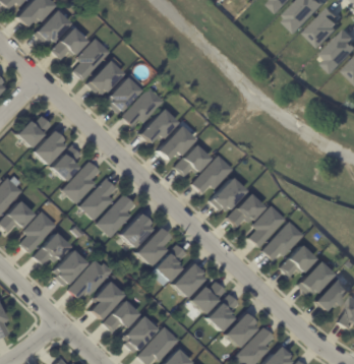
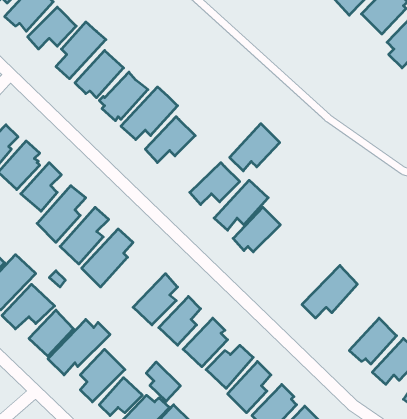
building: [156,123,193,159] -> [230,124,280,171]
building: [226,191,262,225] -> none
building: [247,203,285,246] -> none
building: [119,209,152,246] -> none
building: [278,243,314,276] -> none
building: none -> [146,362,180,401]

